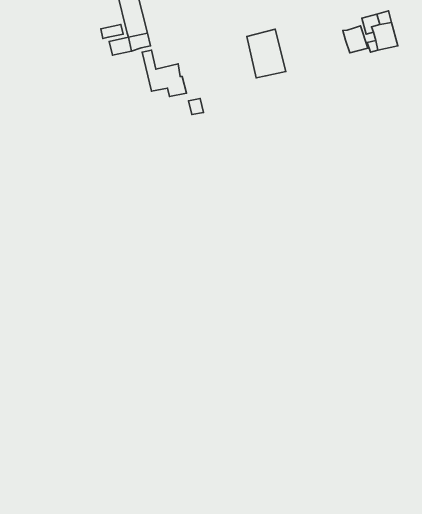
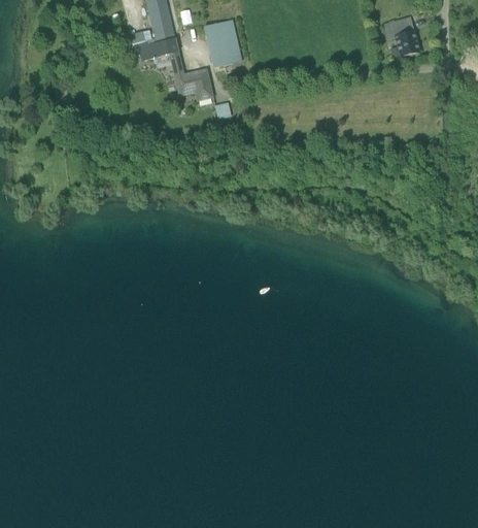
building: [343,26,368,53] -> none
building: [247,29,286,78] -> [204,20,242,67]

